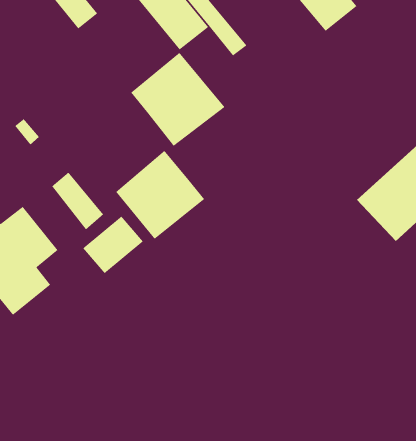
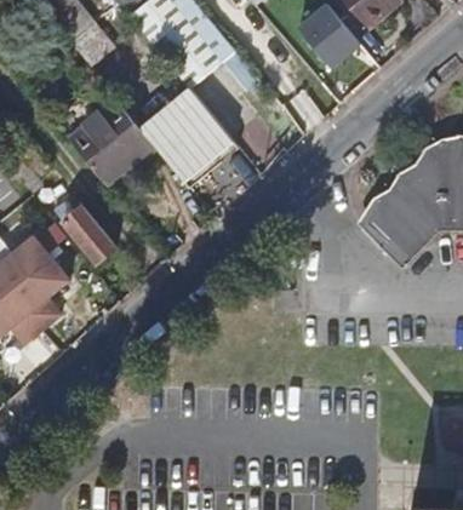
building: [115,150,205,240] -> [67,96,155,184]
building: [82,216,144,274] -> none

